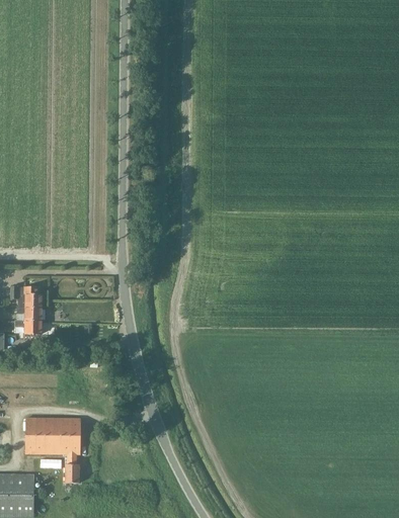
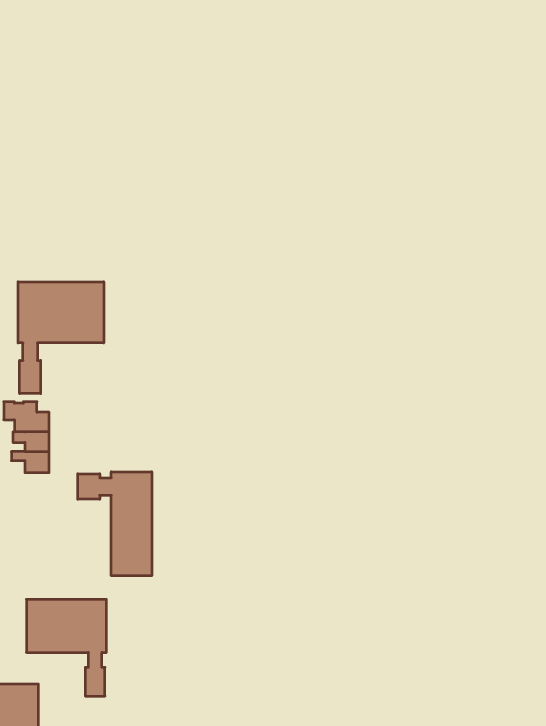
building: none -> [18,282,104,394]
building: none -> [78,472,152,576]

